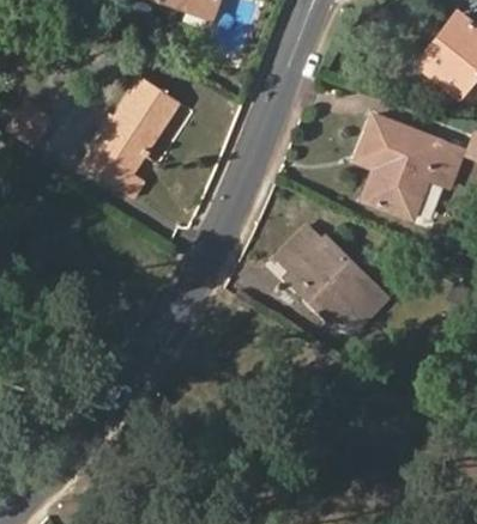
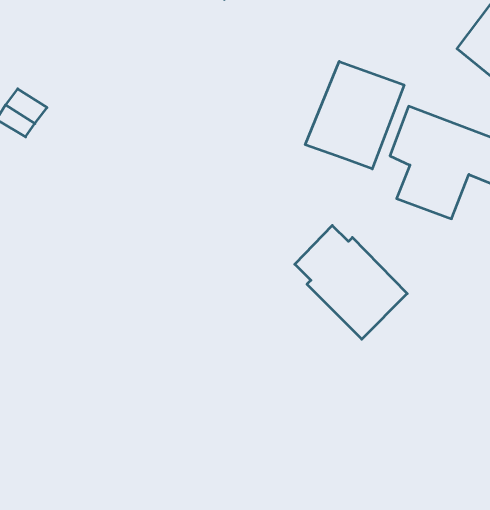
building: none -> [305,61,404,169]
building: [85,81,180,199] -> none

